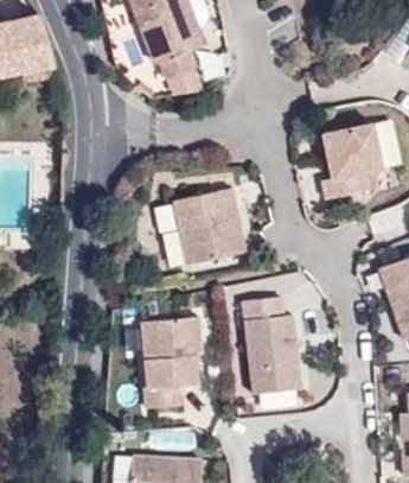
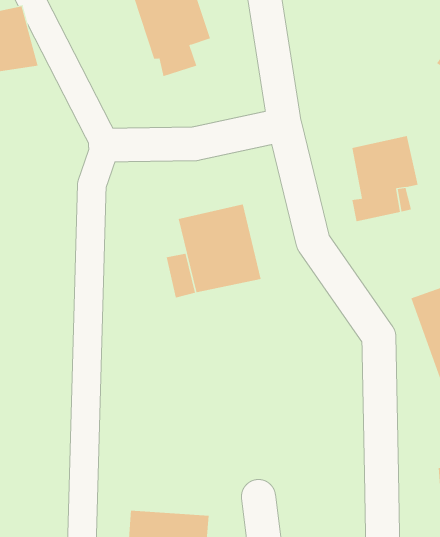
building: [247,300,301,390] -> none
building: [142,313,202,405] -> none

